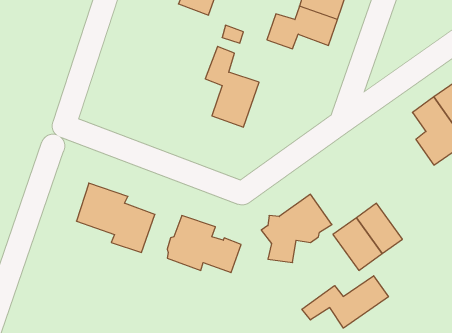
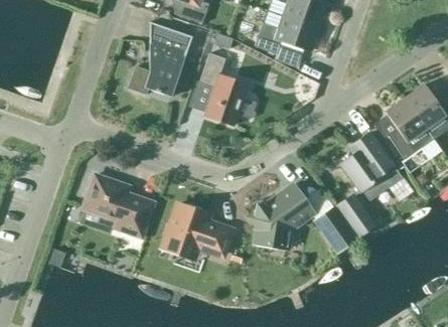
building: none -> [127,22,191,98]
building: none -> [330,132,402,201]
building: [302,276,388,328] -> none

